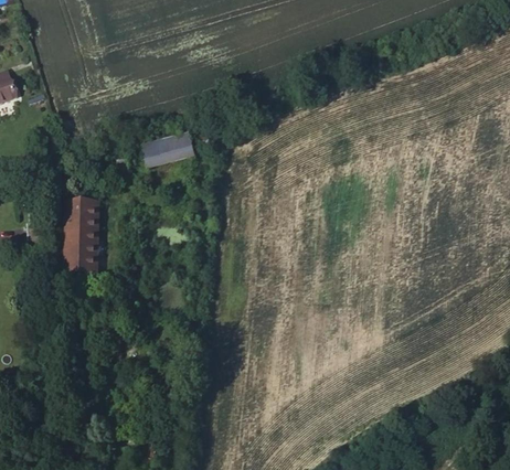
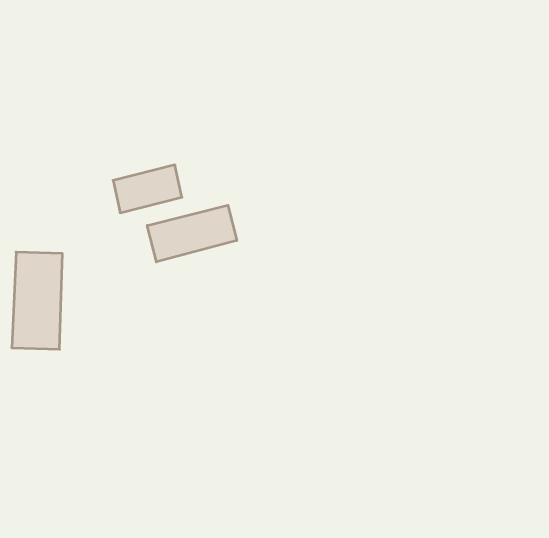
building: none -> [147,205,237,262]

